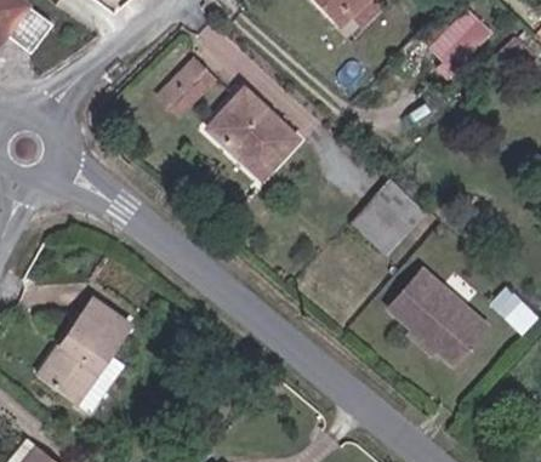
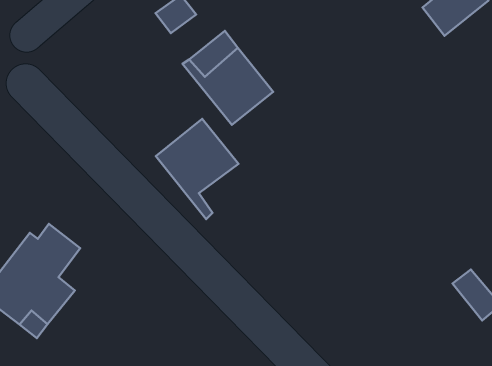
building: none -> [156,119,238,219]
building: [354,182,427,253] -> none
building: [394,270,491,364] -> none

